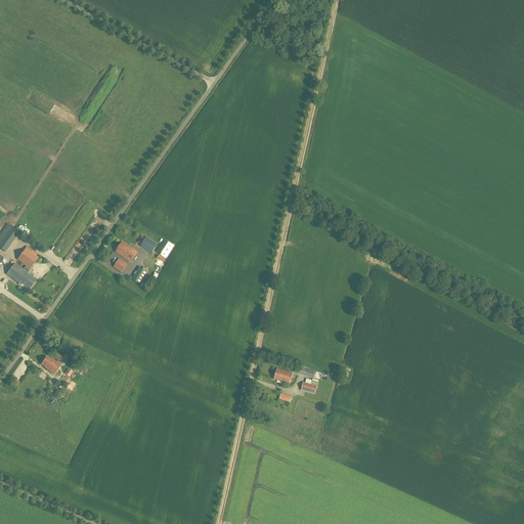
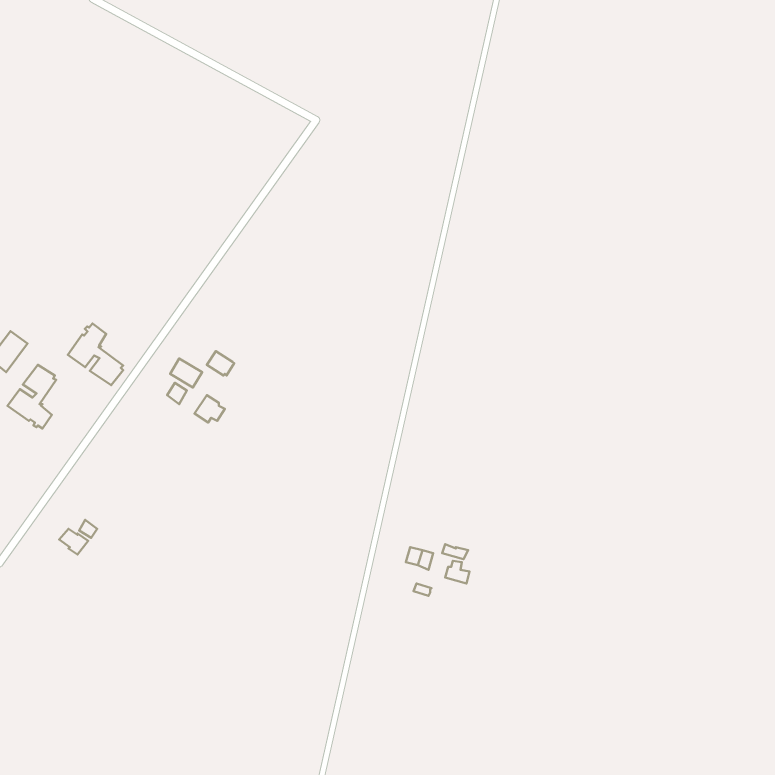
building: none -> [68,323,123,385]

